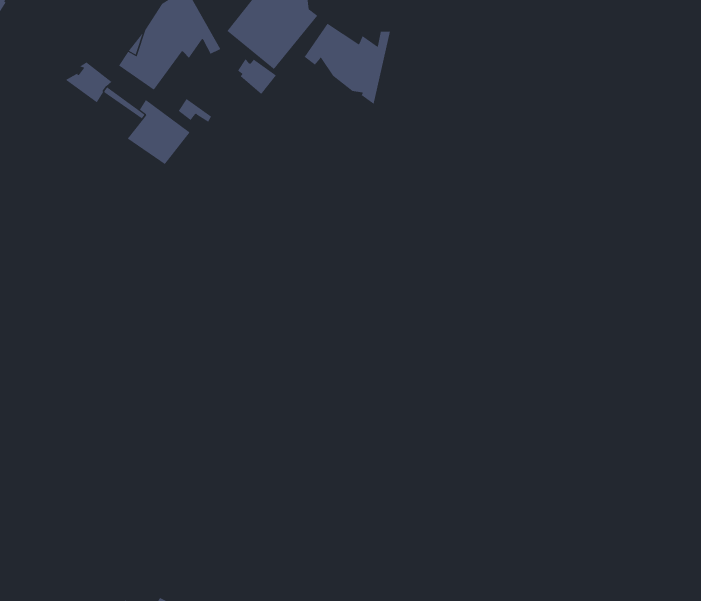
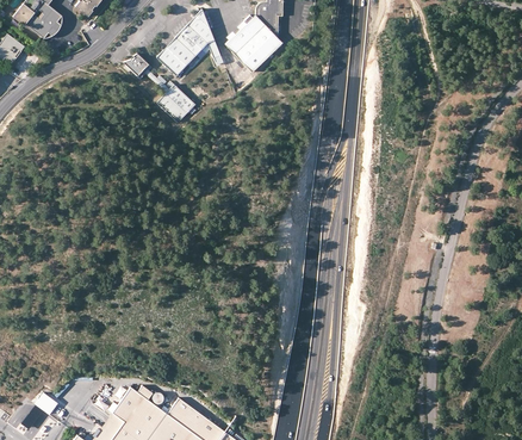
building: [304,23,390,105] -> none

